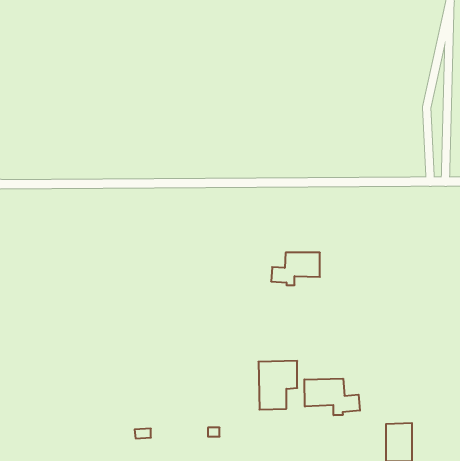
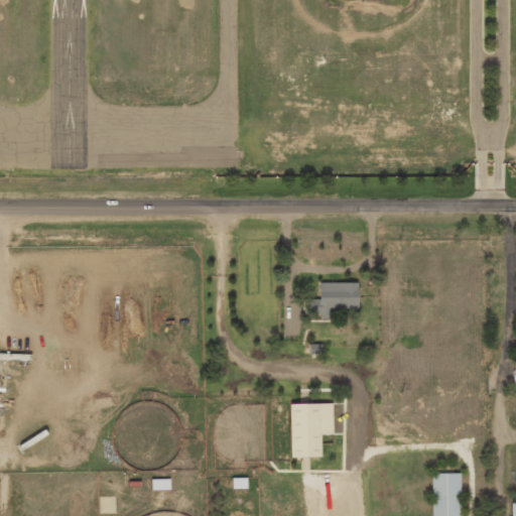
building: [304,379,360,415] -> none

